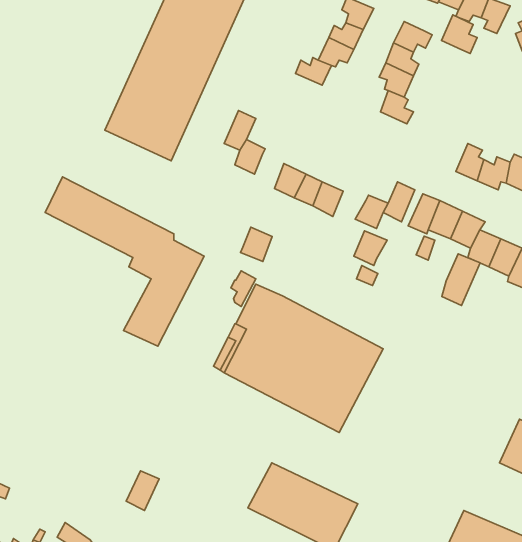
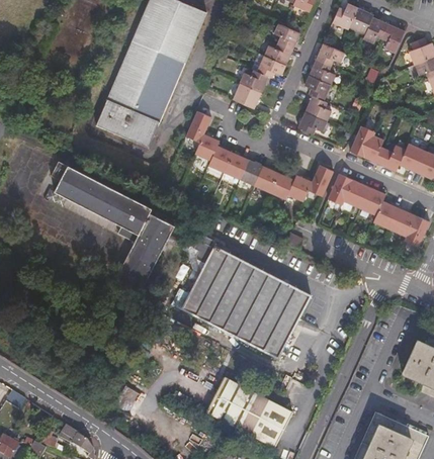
building: [442,15,477,54] -> none
building: none -> [235,82,262,107]
building: none -> [298,111,327,134]
building: none -> [351,126,374,157]
building: [240,227,272,262] -> [208,144,233,170]
building: [354,231,387,265] -> [270,172,295,198]
building: [442,254,480,306] -> none

